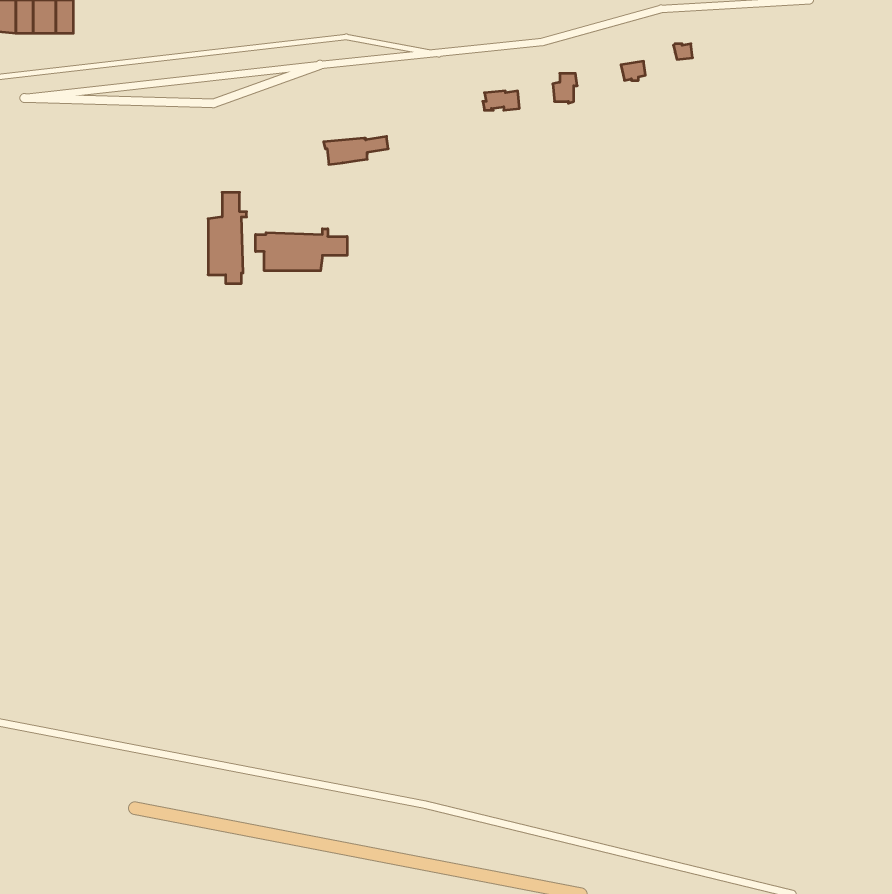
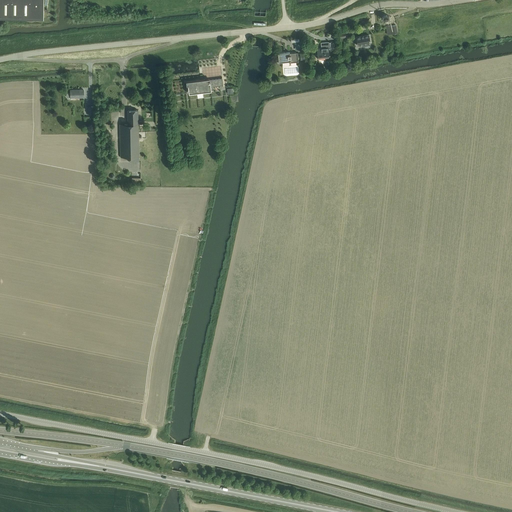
building: [256,229,347,271] -> none

